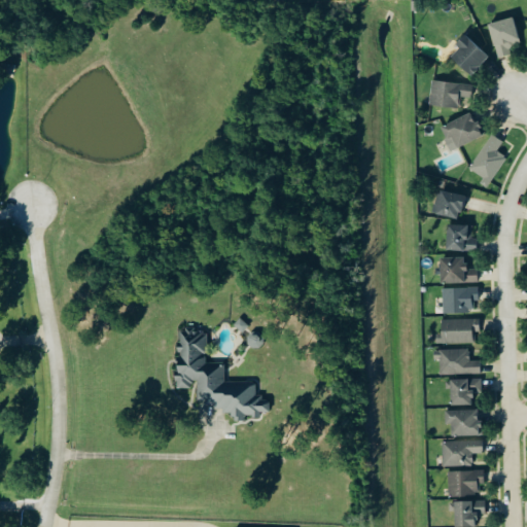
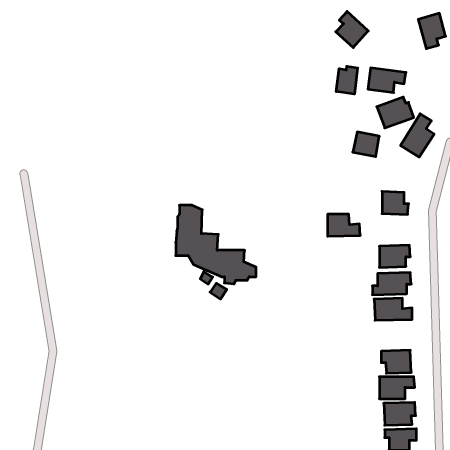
building: [450,33,488,75] -> [336,11,368,48]
building: none -> [336,66,358,94]
building: [432,189,463,218] -> [353,132,379,157]
building: [440,256,478,282] -> [328,214,360,236]
building: [175,328,269,420] -> [176,205,256,284]
building: [449,379,482,405] -> none

